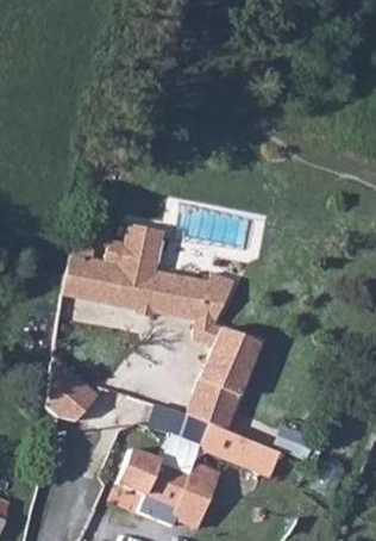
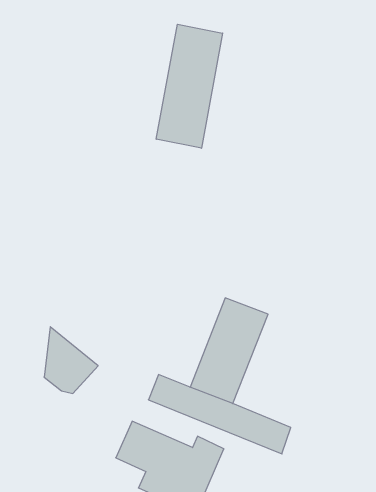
building: none -> [156,24,223,148]
building: [65,226,237,319] -> none

